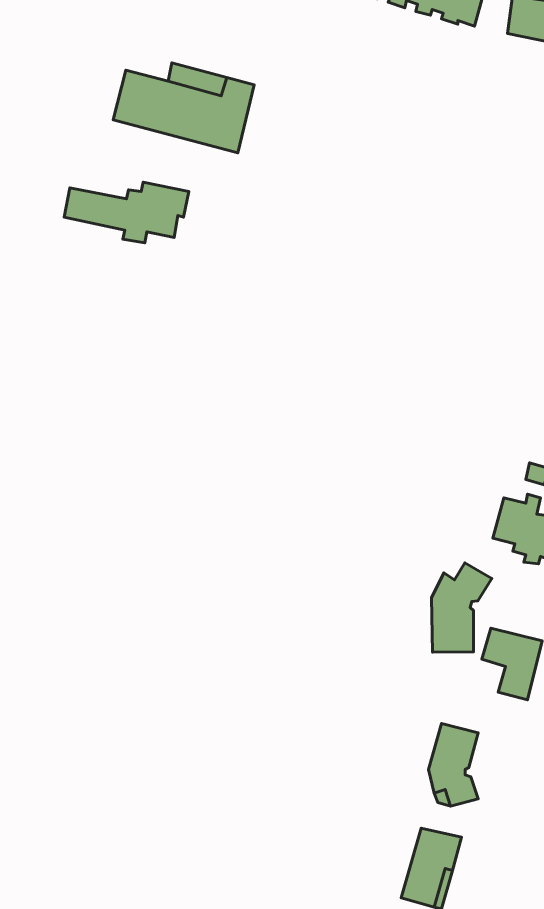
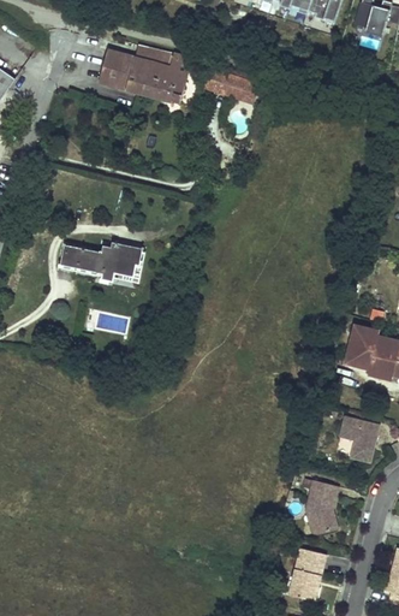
building: none -> [203,70,257,103]
building: [64,182,189,243] -> [60,242,142,282]
building: [432,563,492,652] -> none

